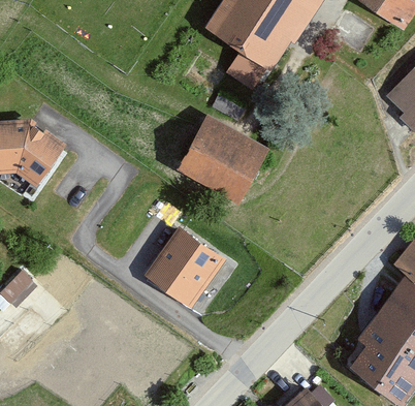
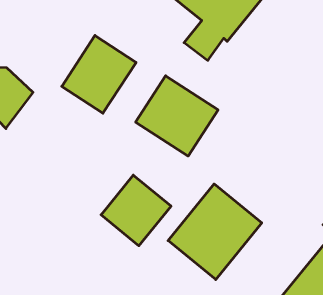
building: none -> [62,35,136,113]
building: none -> [168,184,262,280]

